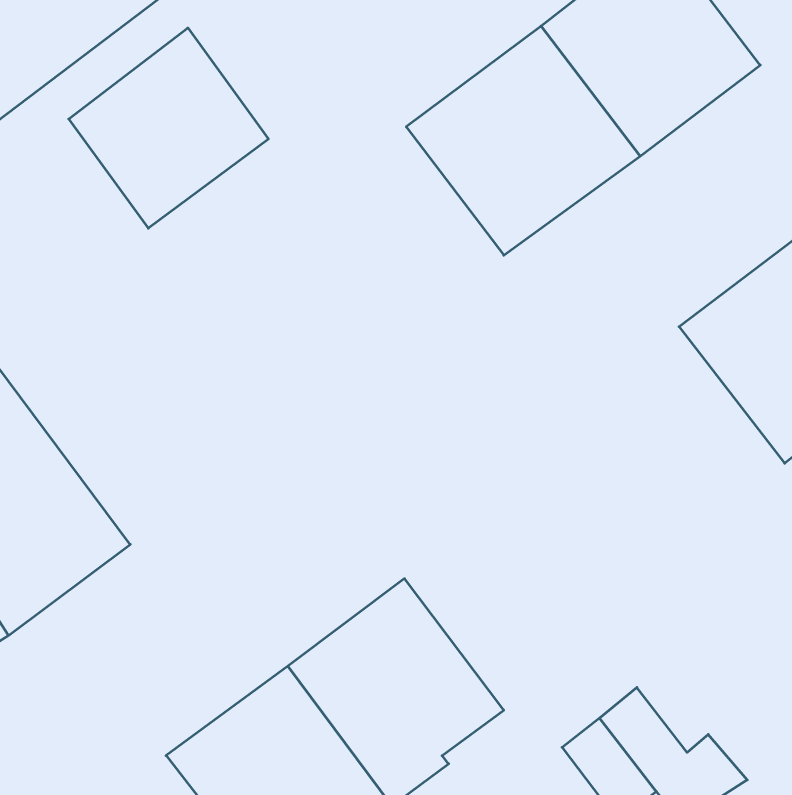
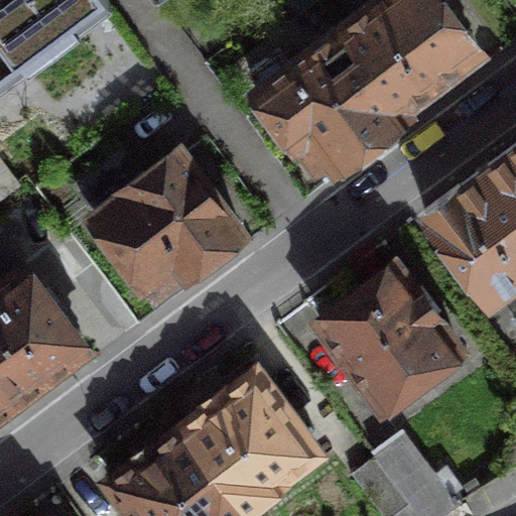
building: [69,28,268,228] -> none
building: none -> [76,153,242,300]
building: none -> [321,269,460,408]

